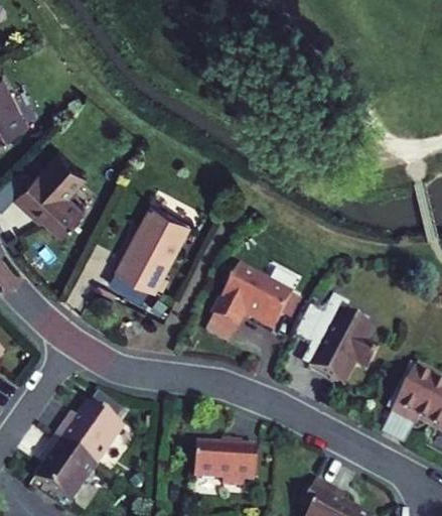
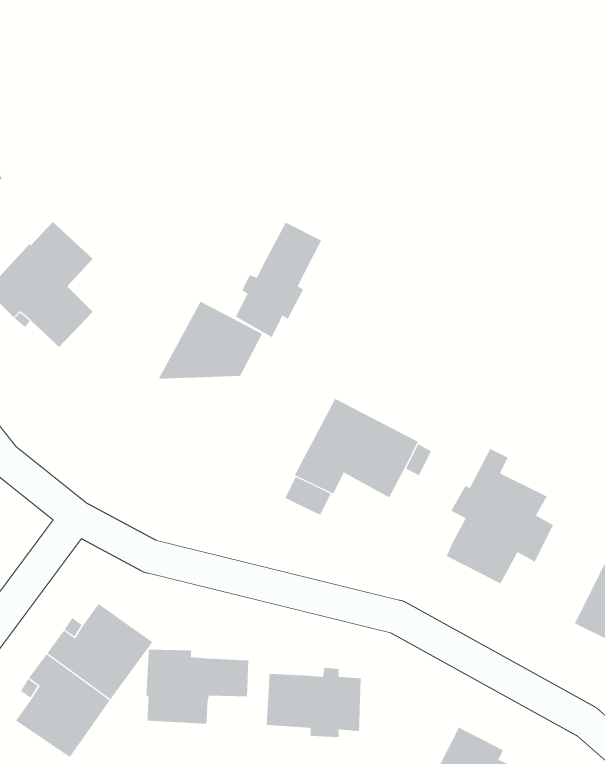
building: none -> [235,222,322,338]
building: [117,252,178,291] -> none
building: [294,296,338,366] -> none
building: none -> [146,649,249,724]

